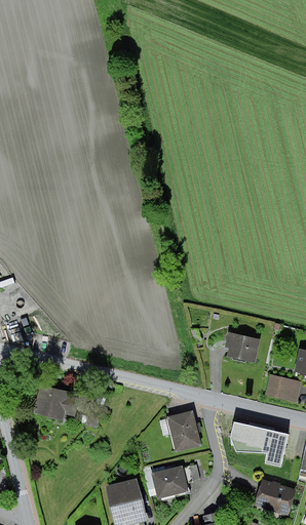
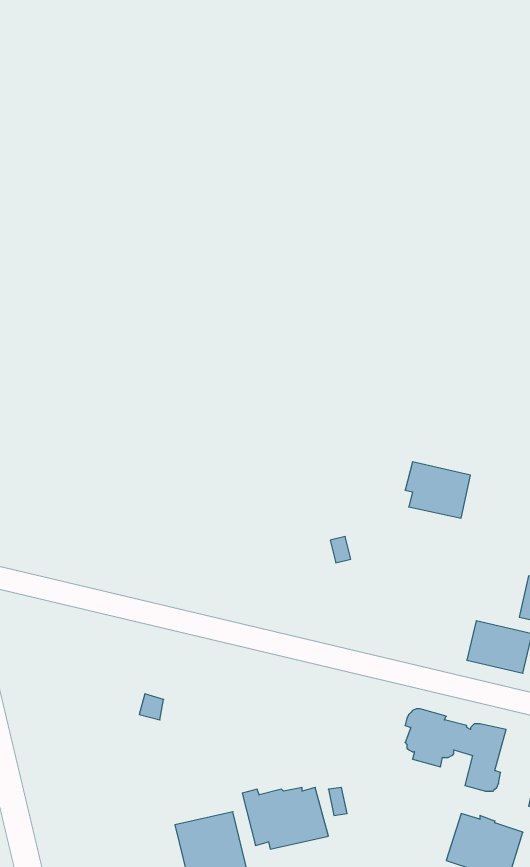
building: [224,331,260,362] -> [405,462,470,518]
building: [33,383,78,419] -> none
building: [158,410,201,451] -> none

